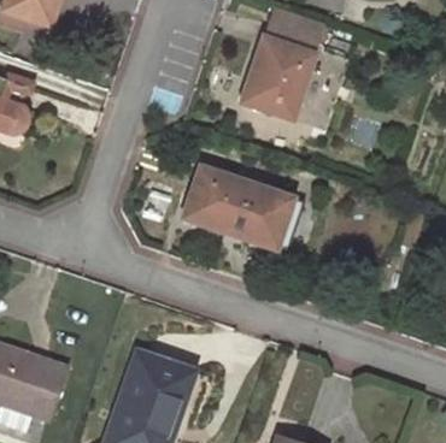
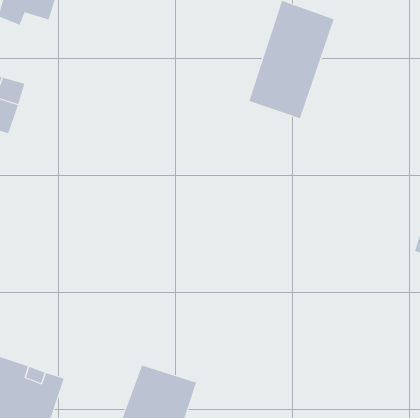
building: [183,167,306,250] -> none

